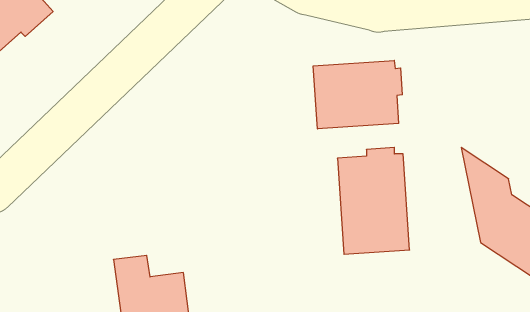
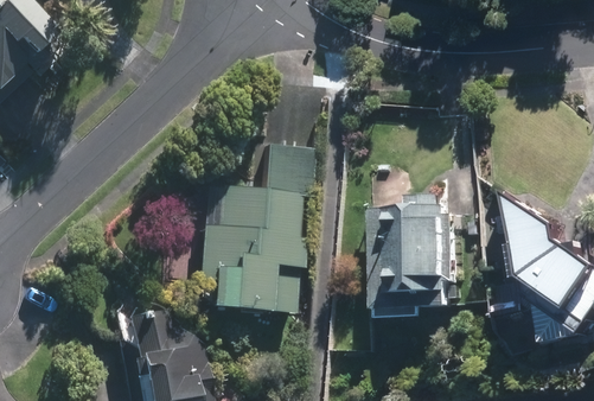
building: [313,60,402,129] -> none
building: none -> [198,149,308,314]

